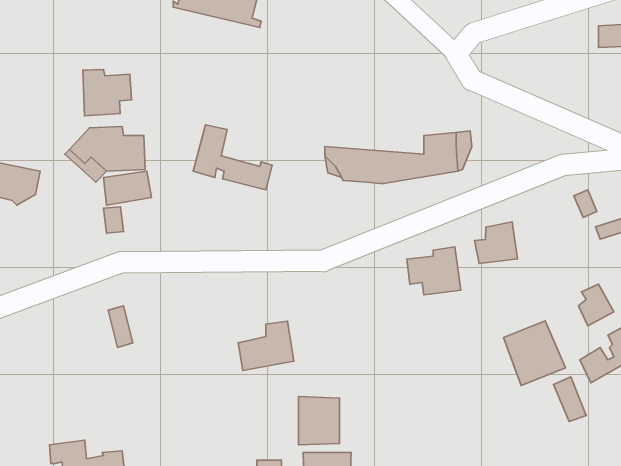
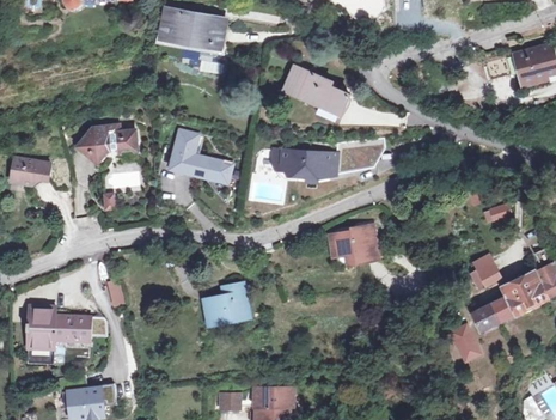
building: none -> [283,65,350,114]
building: [83,69,131,116] -> none
building: [475,222,517,263] -> none
building: [504,321,565,385] -> none
building: none -> [28,303,90,346]
building: [298,396,340,445] -> none

